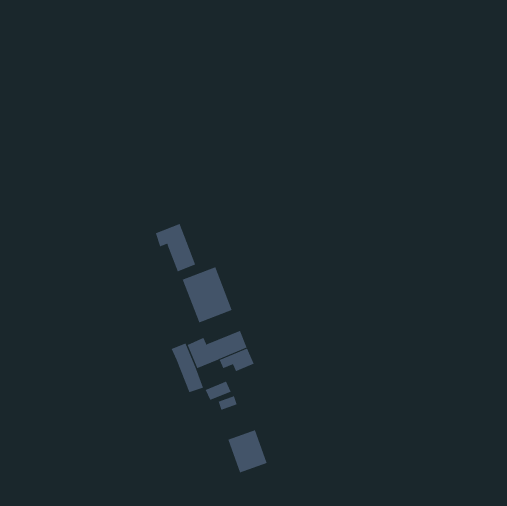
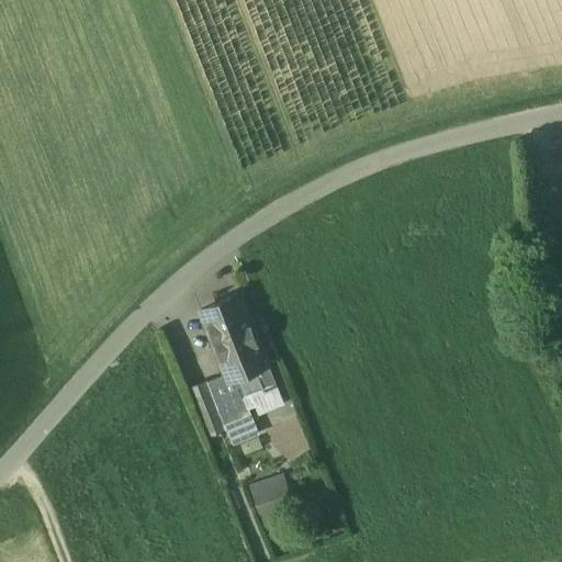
building: [155,223,196,272] -> none
building: none -> [221,342,267,380]
building: none -> [218,397,251,430]

